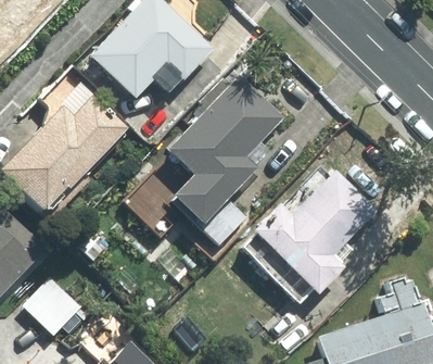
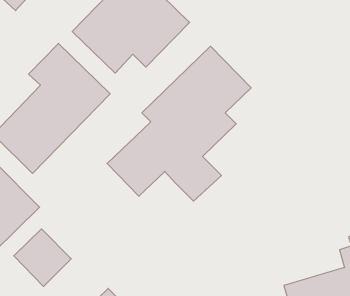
building: [242,160,379,305] -> none

